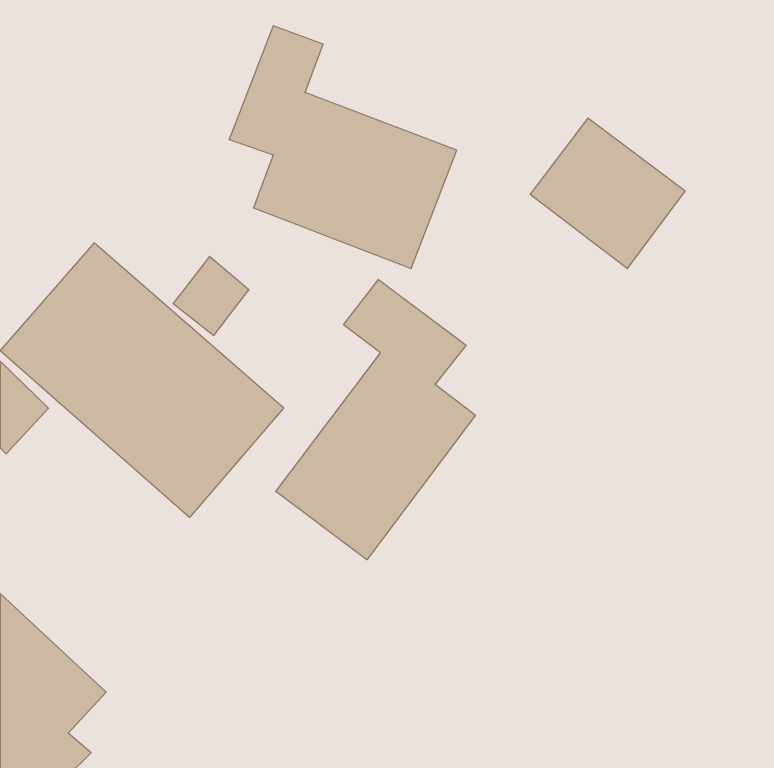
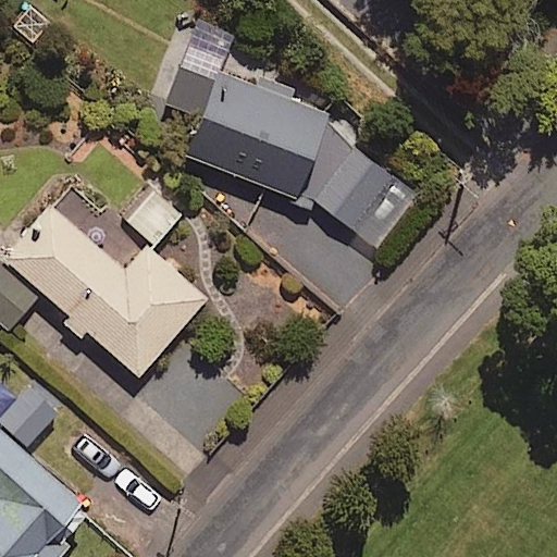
building: [530,118,685,268] -> [307,140,418,248]
building: [276,280,475,560] -> none

